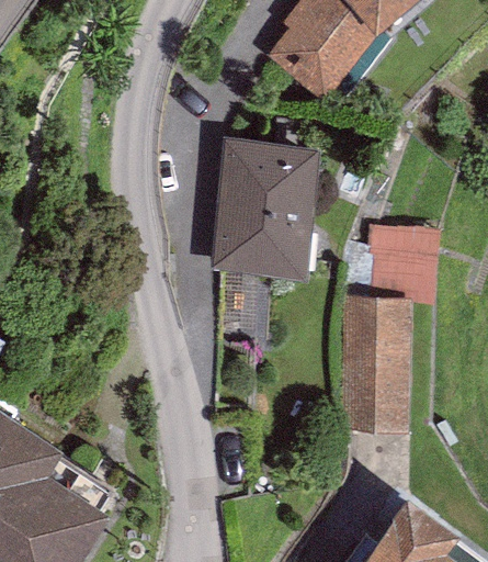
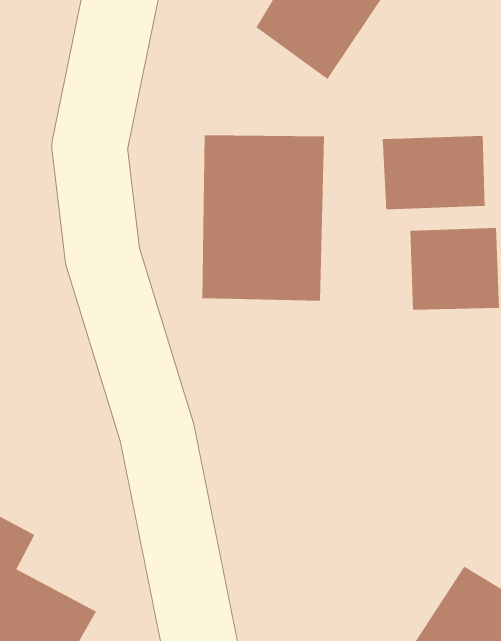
building: none -> [382,135,485,210]
building: [344,299,406,423] -> none

